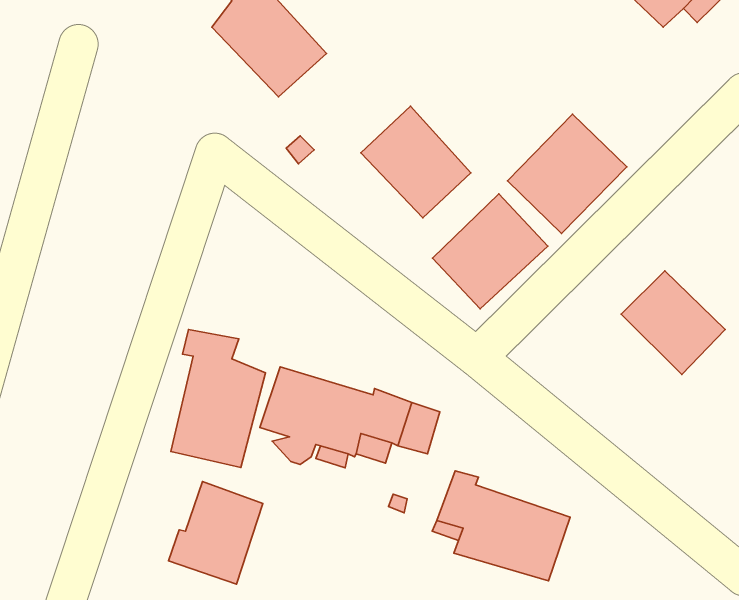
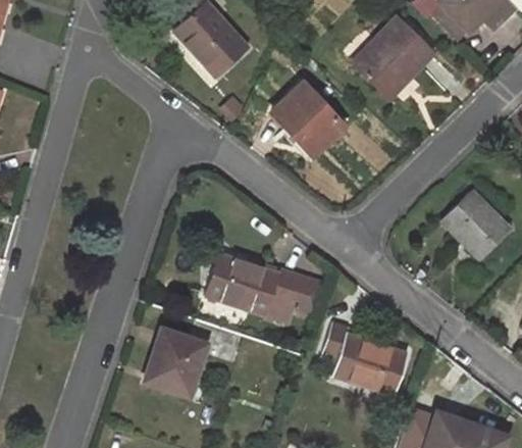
building: [507,114,627,233] -> [354,18,432,97]
building: [433,194,548,309] -> none
building: [171,329,266,467] -> none

